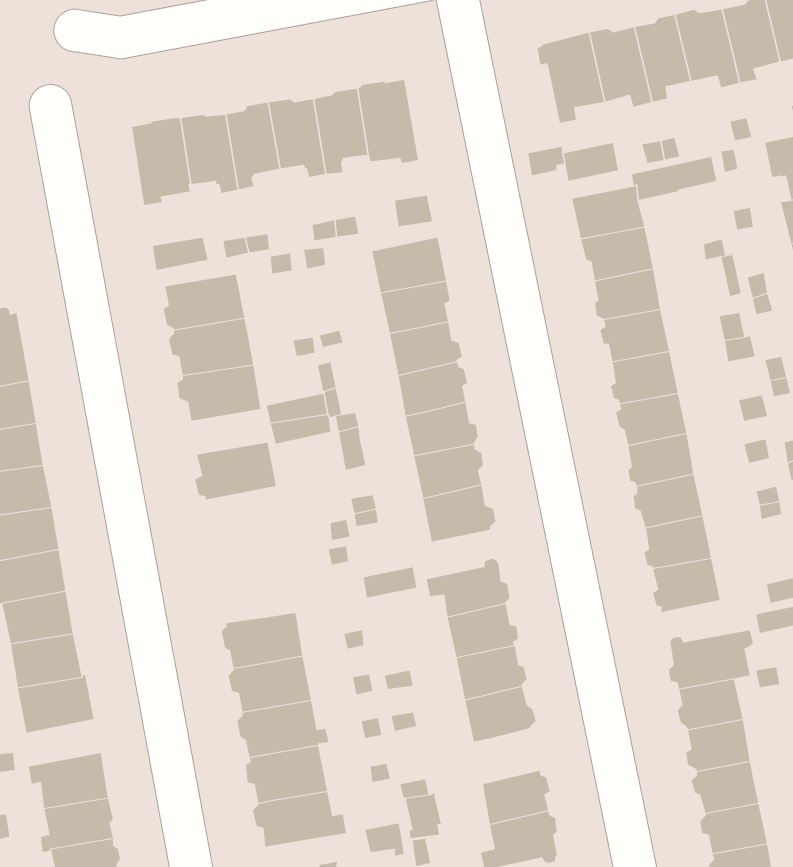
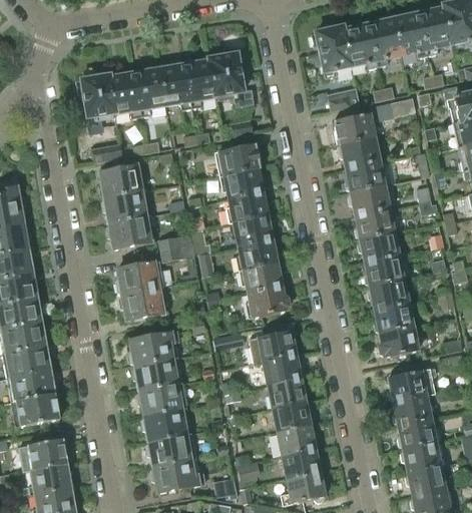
building: none -> [120,286,169,320]
building: none -> [129,330,180,364]
building: none -> [277,424,316,456]

